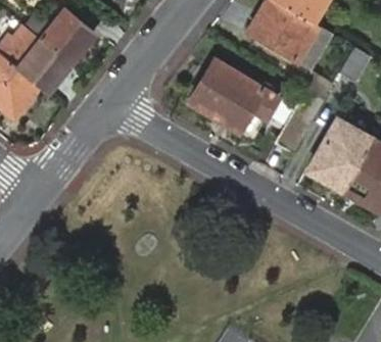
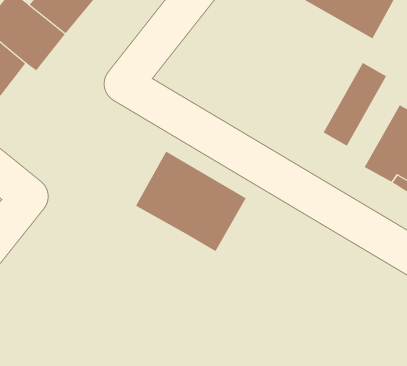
building: [192,58,281,139] -> [135,151,247,252]

